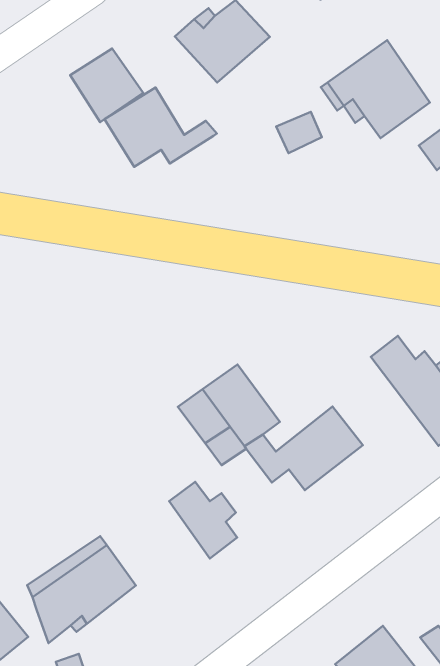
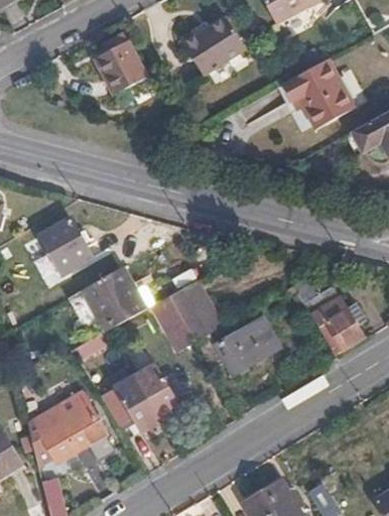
building: [104,87,217,167] -> none
building: none -> [40,218,93,274]
building: none -> [77,271,139,336]
building: none -> [102,375,161,431]

